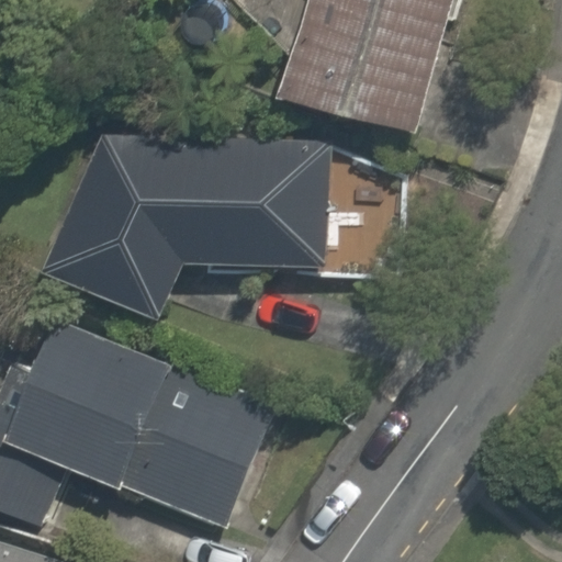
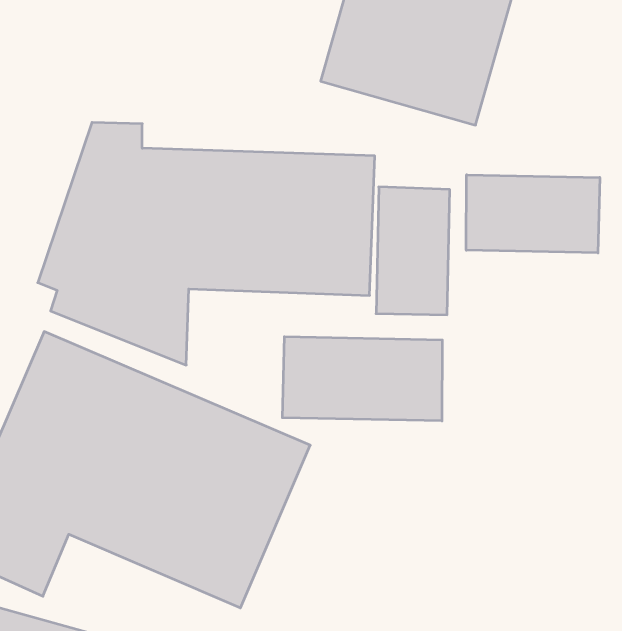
building: none -> [466,175,600,253]
building: none -> [282,337,442,421]

